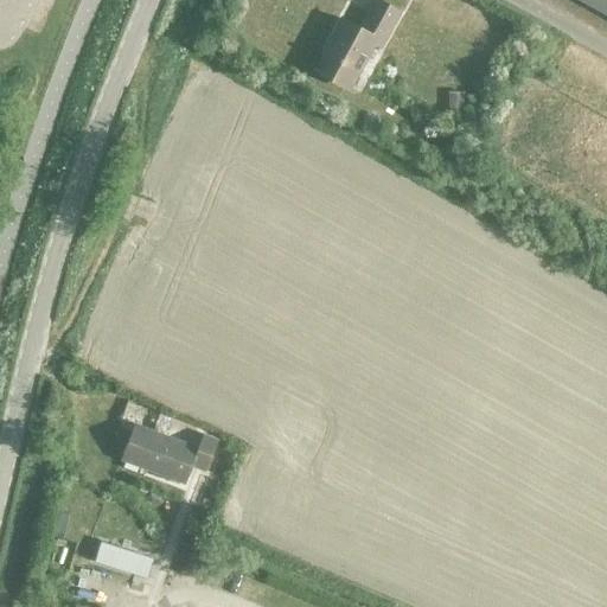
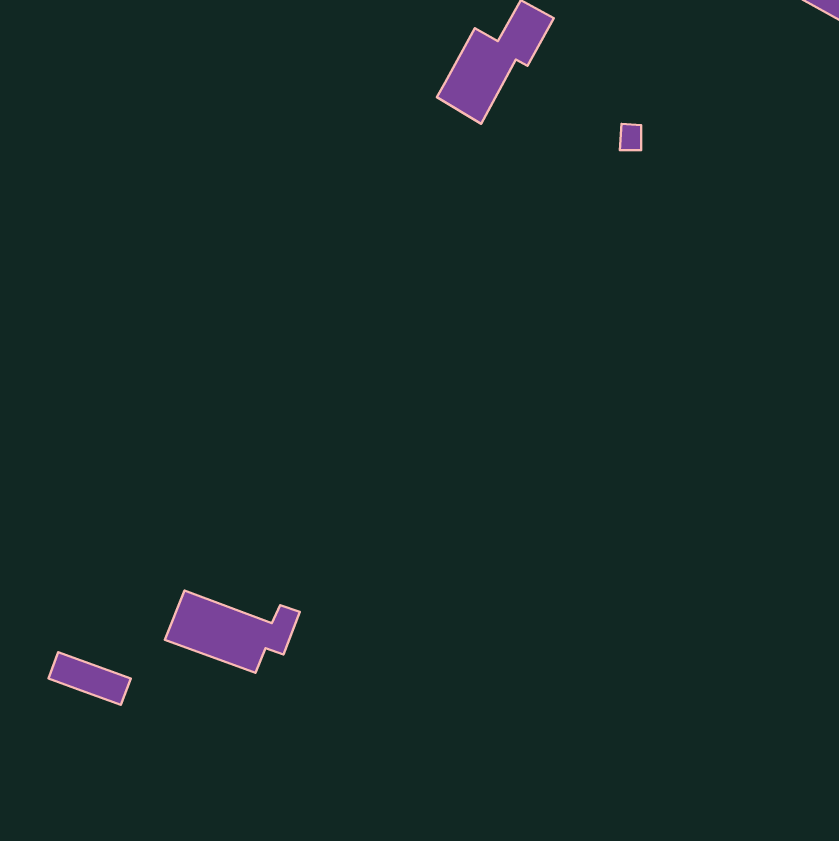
building: [92,539,152,577] -> [48,652,131,705]

